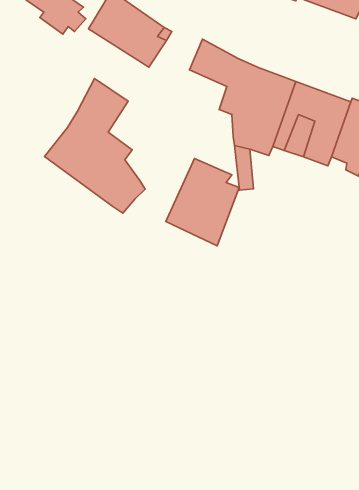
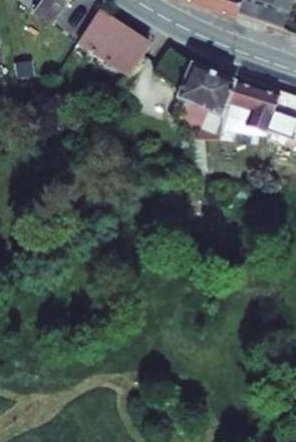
building: [44,78,145,213] -> none
building: [166,158,239,246] -> none

